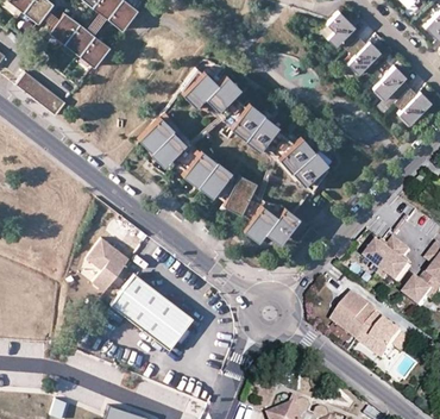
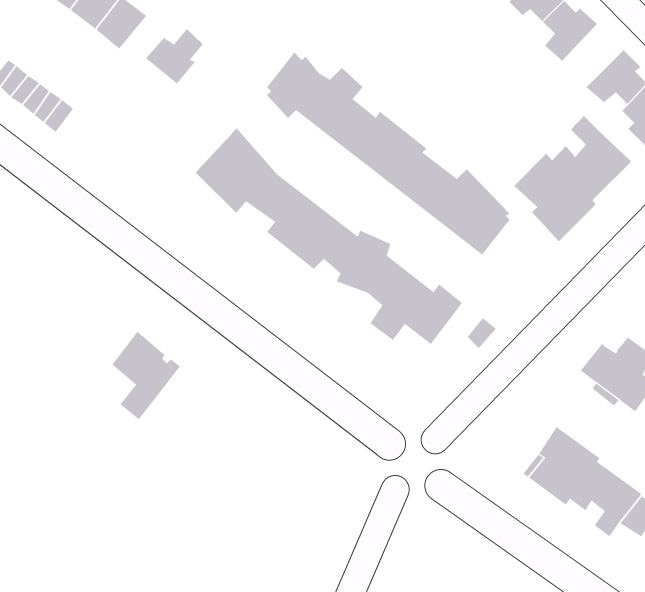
building: none -> [145,28,203,85]
building: none -> [514,115,631,242]
building: [111,271,191,348] -> none

